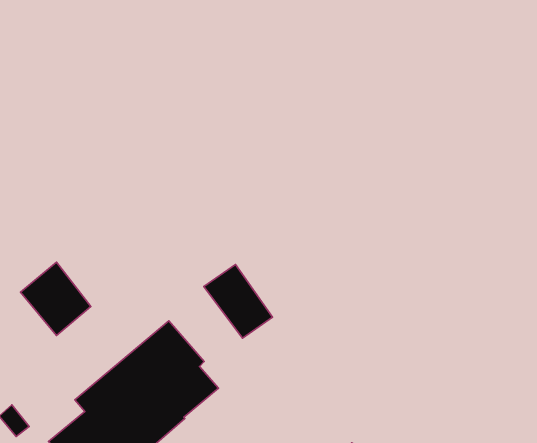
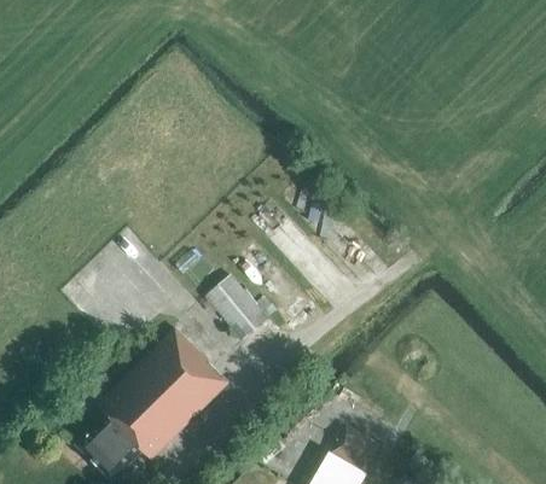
building: [20,262,91,335] -> none

